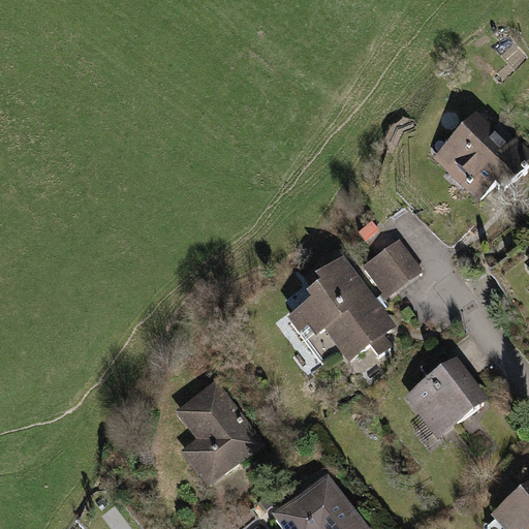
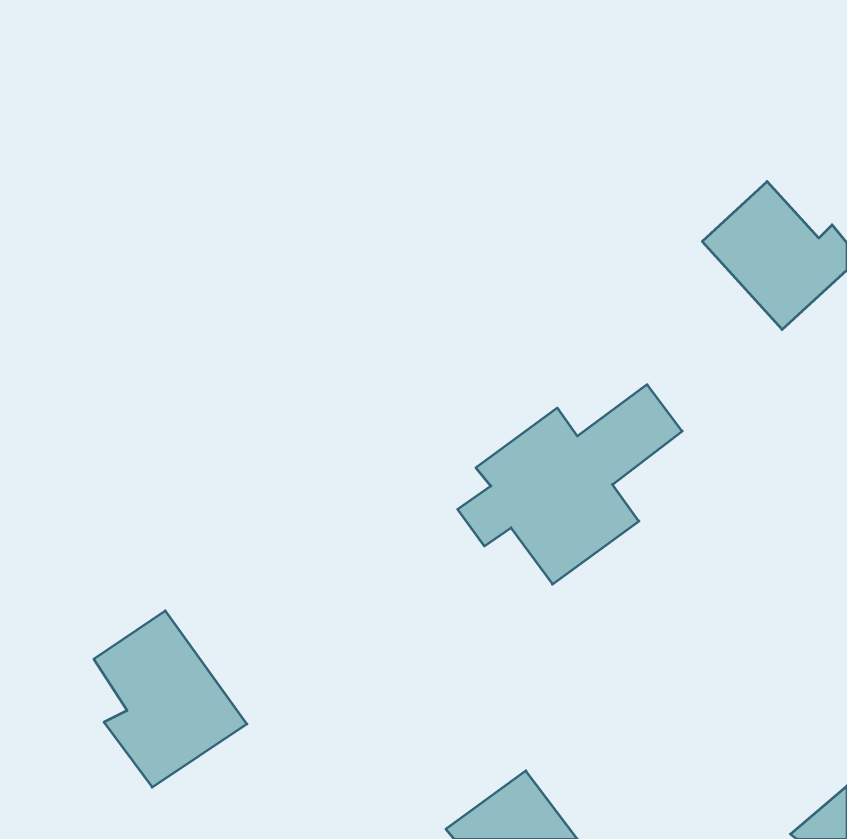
building: [406,355,488,435] -> none
building: [169,377,264,487] -> [94,611,247,787]

